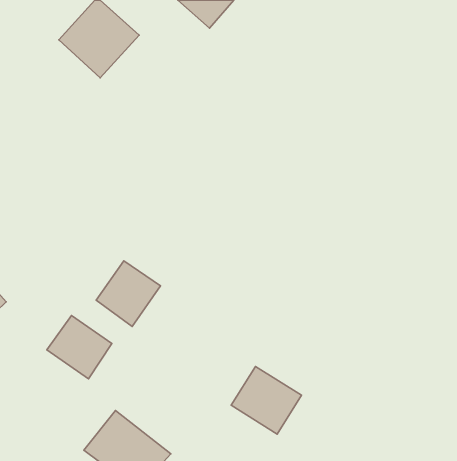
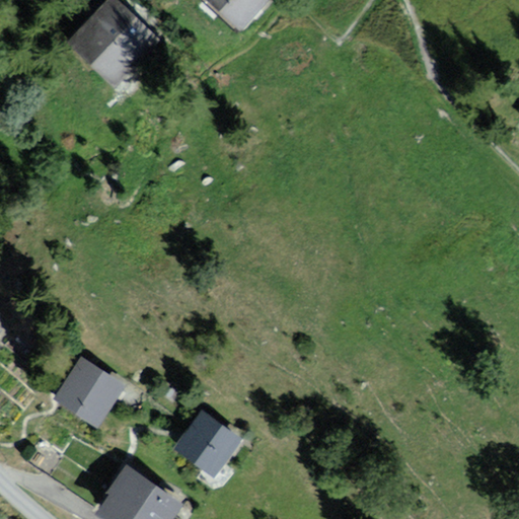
building: [96,261,160,326] -> none
building: [231,366,302,434] -> [164,403,243,479]

